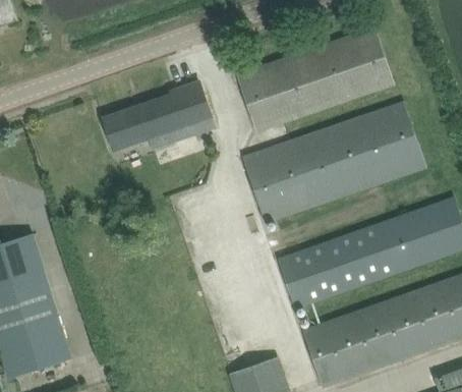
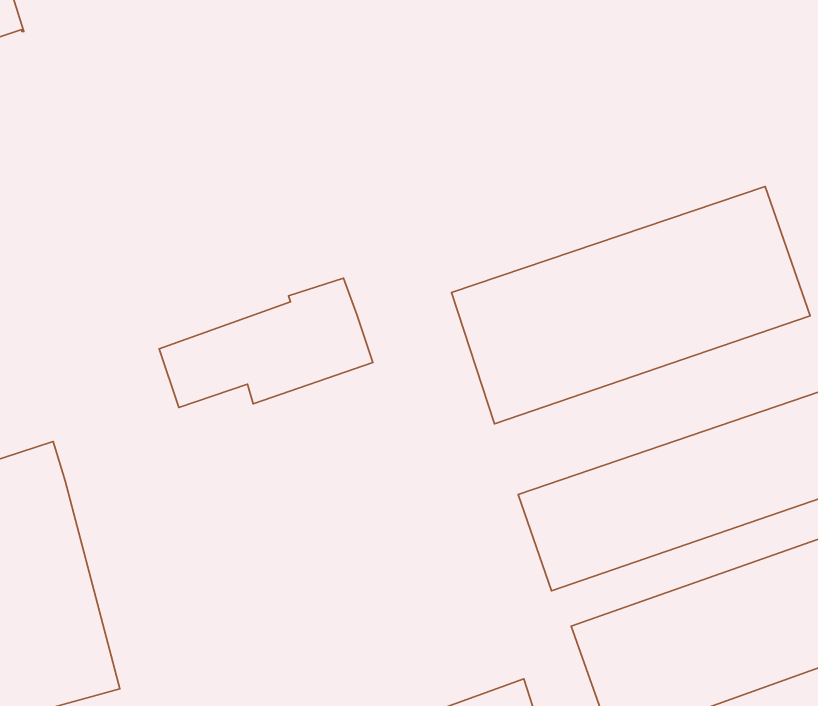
building: [236,26,395,132] -> none
building: [104,82,215,150] -> [159,278,373,408]

